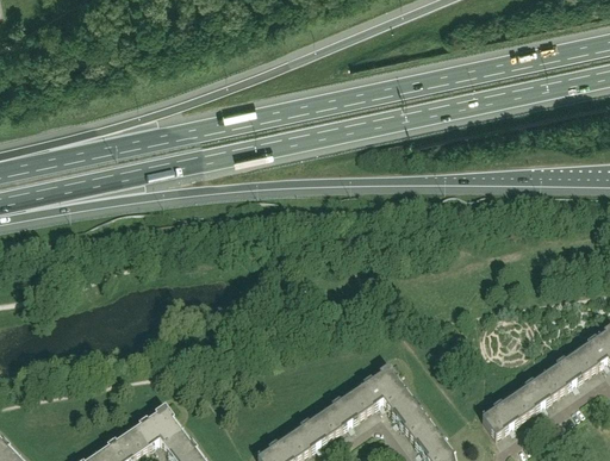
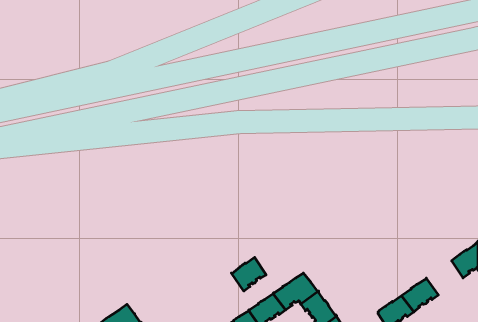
building: none -> [231,257,266,291]
building: [539,354,585,397] -> none

